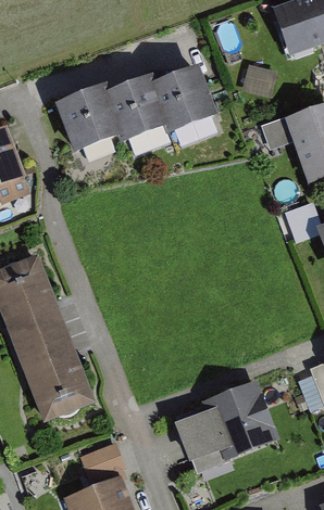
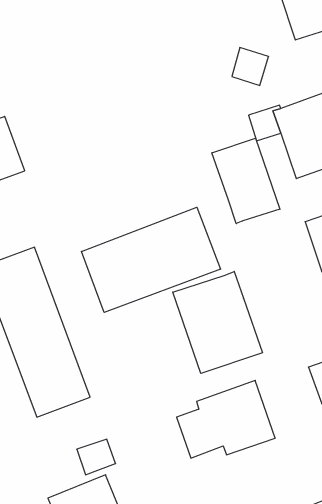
building: [59,65,224,149] -> none
building: none -> [212,138,280,224]
building: none -> [81,207,221,312]
building: none -> [173,271,262,373]

